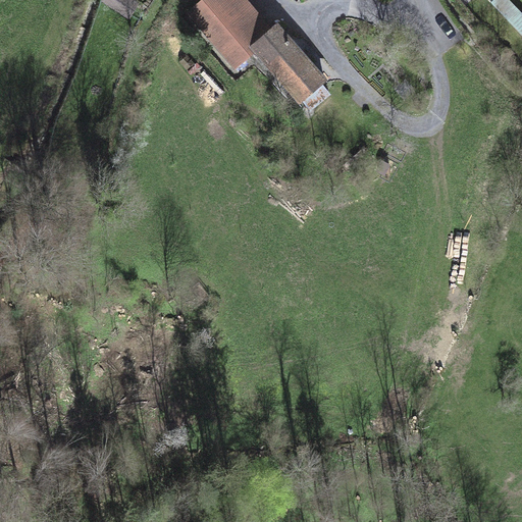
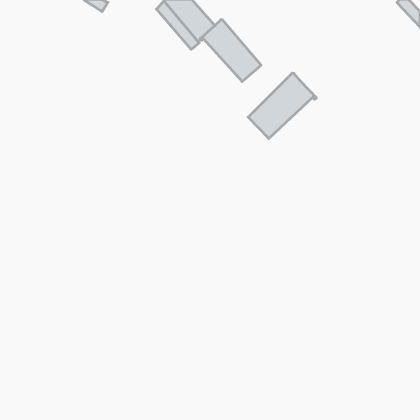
building: none -> [248,73,316,139]

